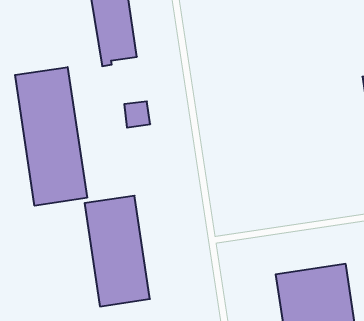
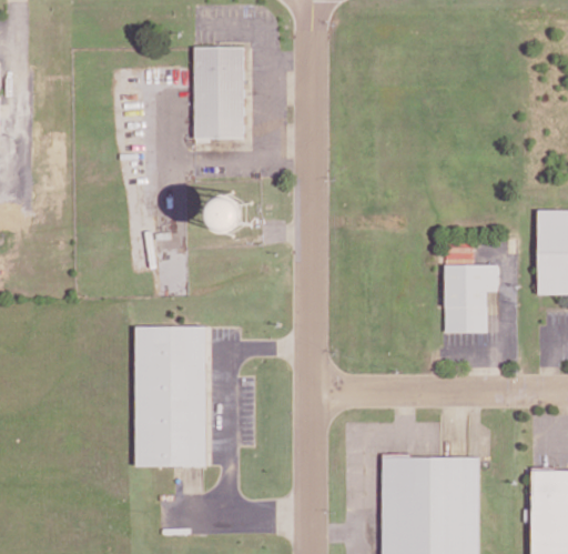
building: [15,67,87,206] -> none
building: none -> [442,265,498,333]

